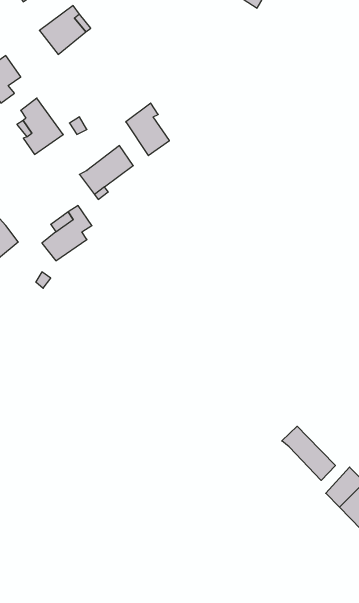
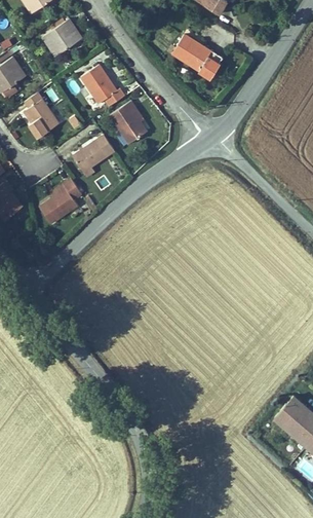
building: none -> [168,35,224,80]
building: none -> [82,62,126,103]
building: [282,426,335,480] -> none

